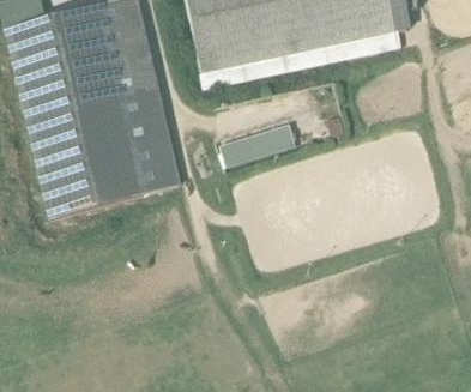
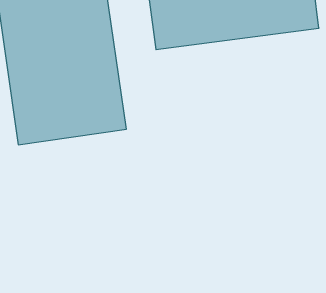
building: [221,121,298,162] -> none

